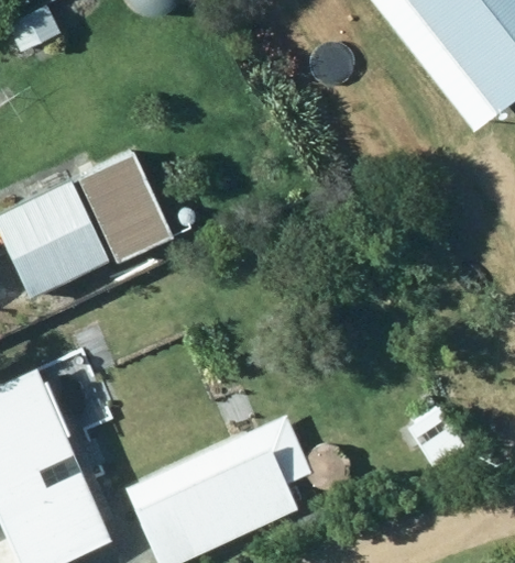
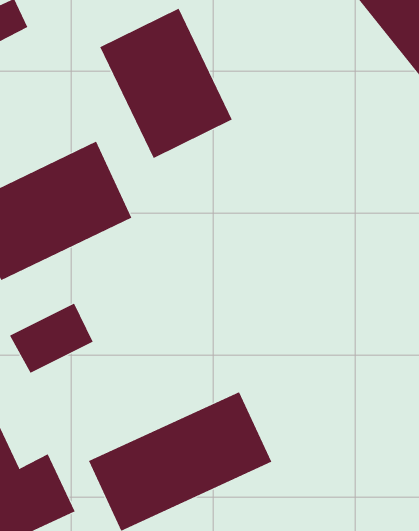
building: none -> [100,8,232,159]

